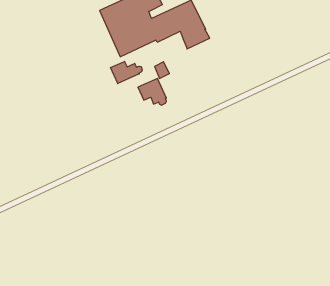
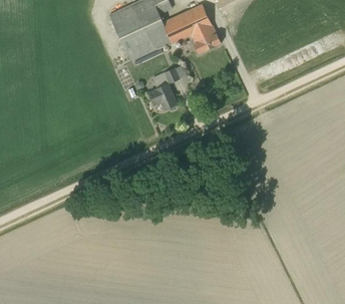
building: [111,61,142,84] -> none

